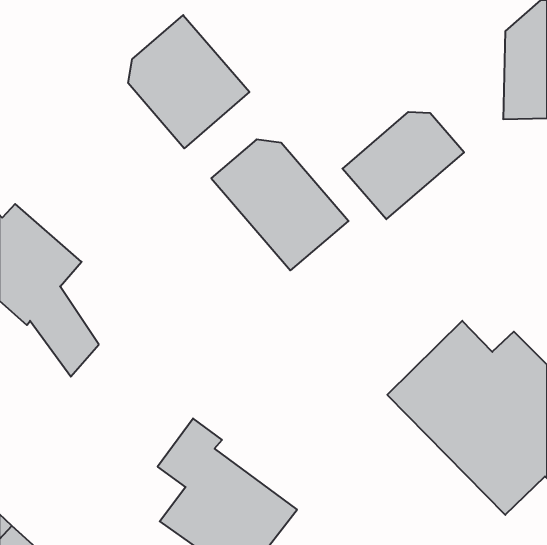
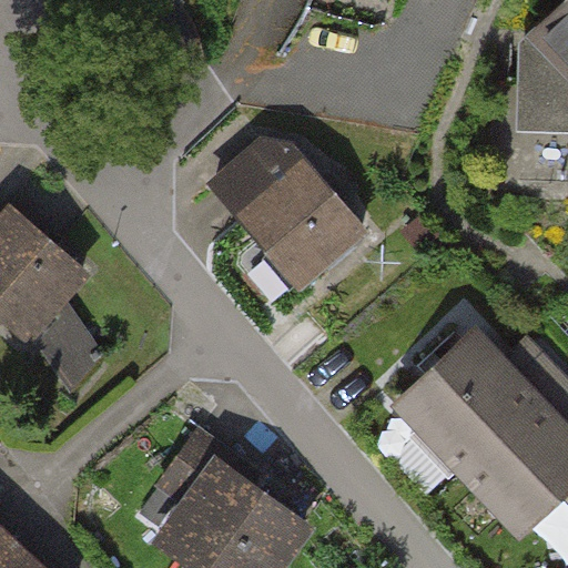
building: [128,15,249,148] -> none
building: [342,112,464,219] -> none

